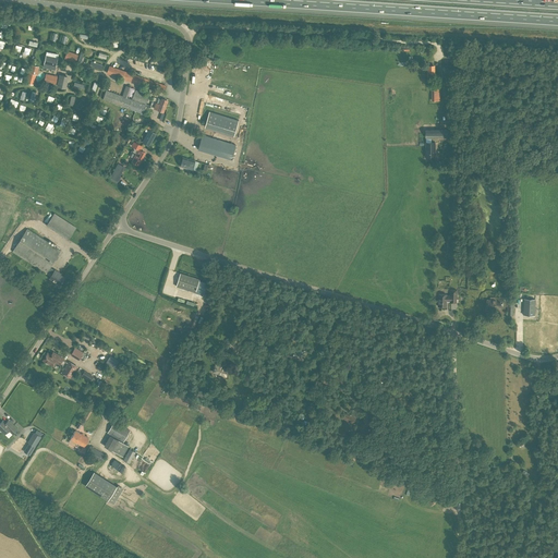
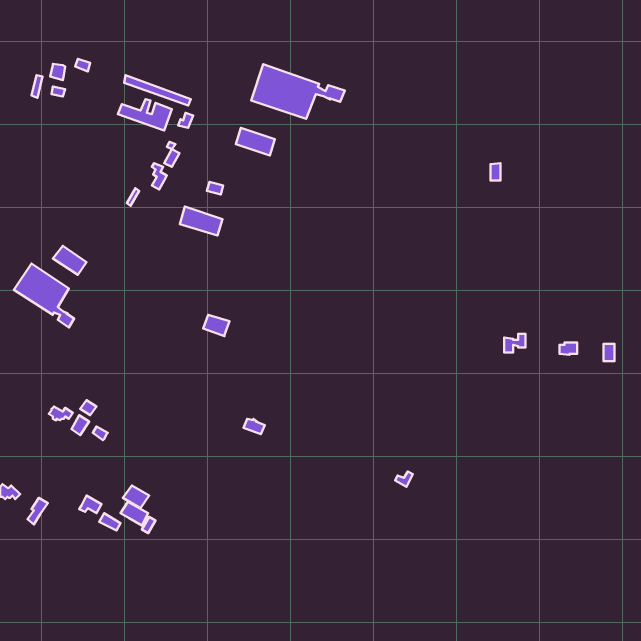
building: none -> [251,64,345,119]
building: [198,134,235,159] -> [180,207,222,235]
building: [85,472,117,500] -> none

